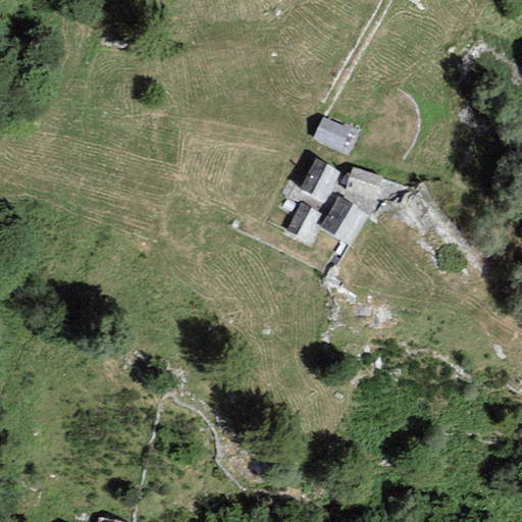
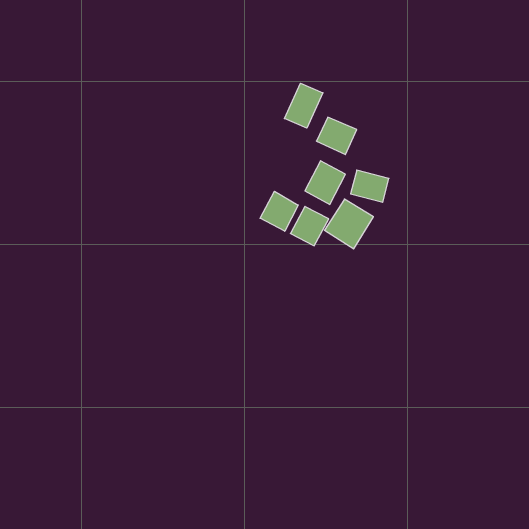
building: none -> [284,83,323,128]
building: none -> [260,191,298,231]

